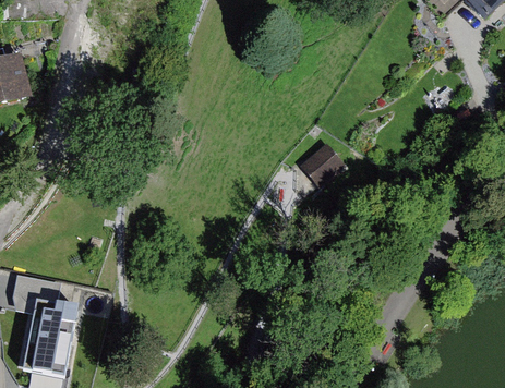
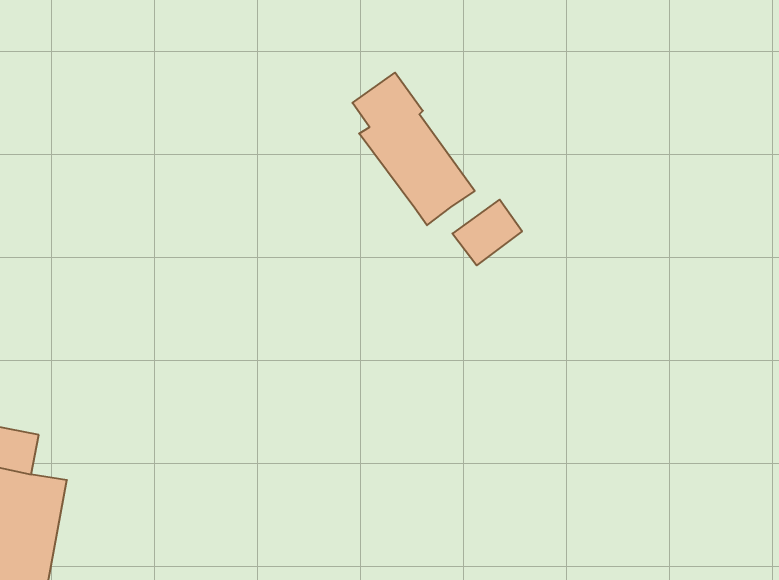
building: none -> [352,73,475,225]

